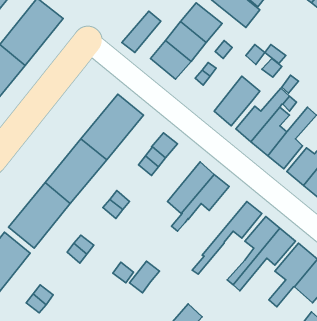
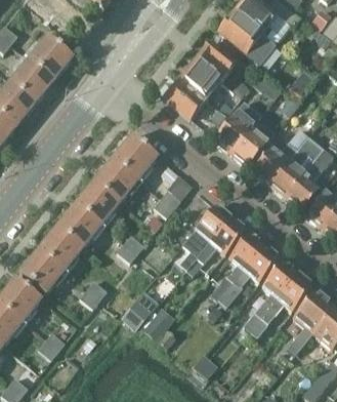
building: [122,11,161,52] -> none
building: none -> [214,110,259,152]
building: none -> [211,233,264,300]

